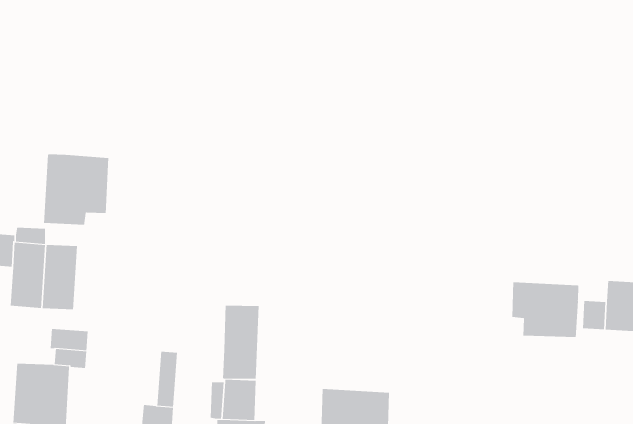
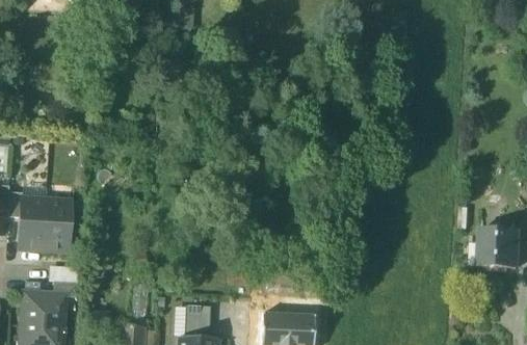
building: [43,154,109,226] -> none
building: [512,282,579,338] -> none
building: [222,305,259,380] -> none

